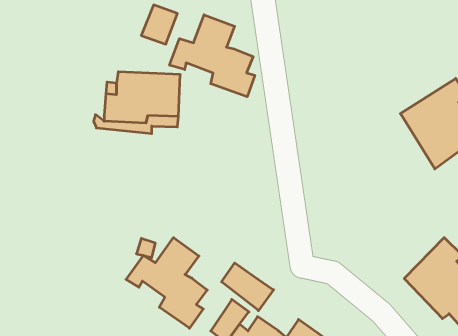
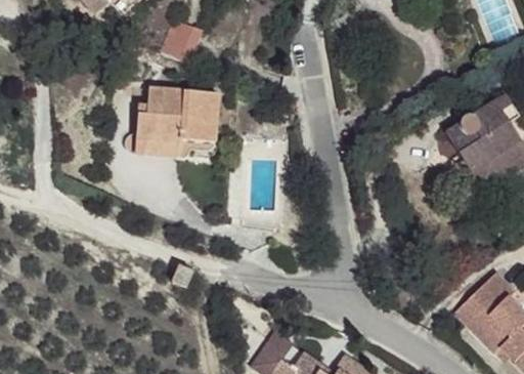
building: [170,15,255,97] -> none
building: [126,238,207,328] -> none
building: [222,263,274,311] -> none

